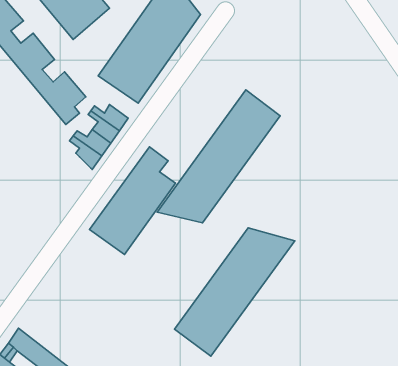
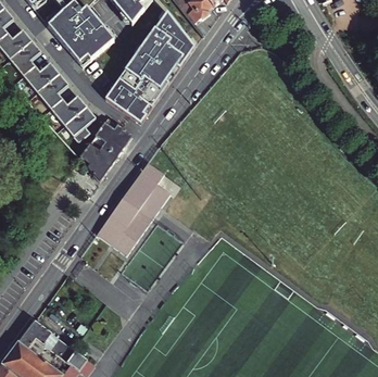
building: [157,90,280,223] -> none
building: [175,228,295,356] -> none

